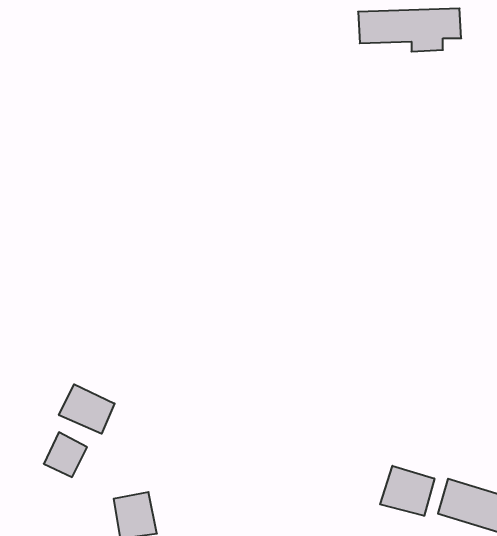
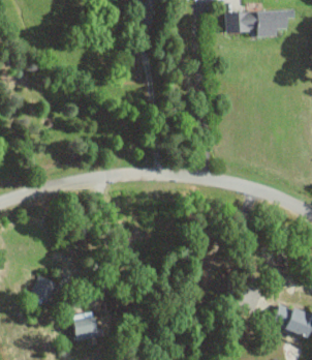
building: [59,384,115,434] -> none
building: [380,466,434,516] -> none

